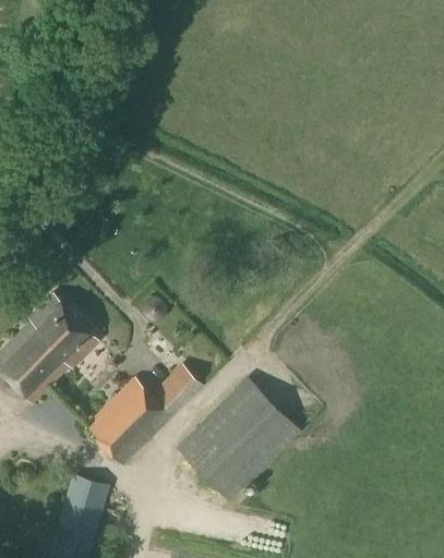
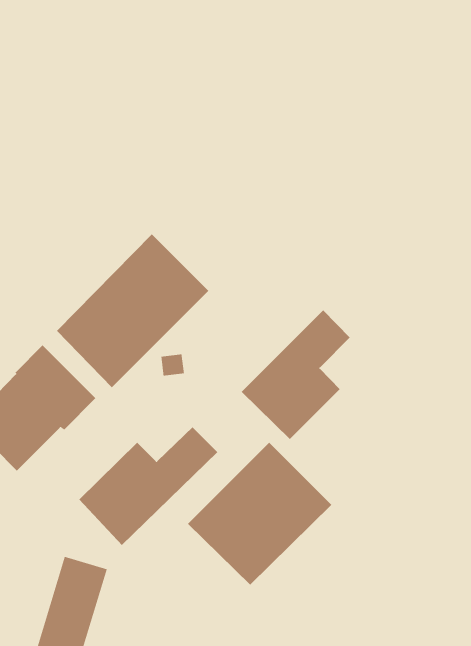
building: none -> [56,234,209,388]
building: none -> [241,309,351,440]

